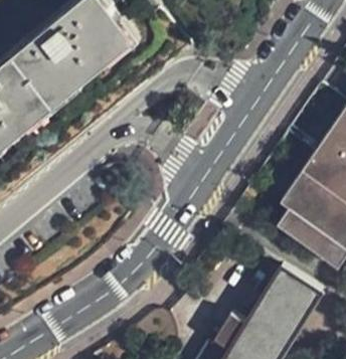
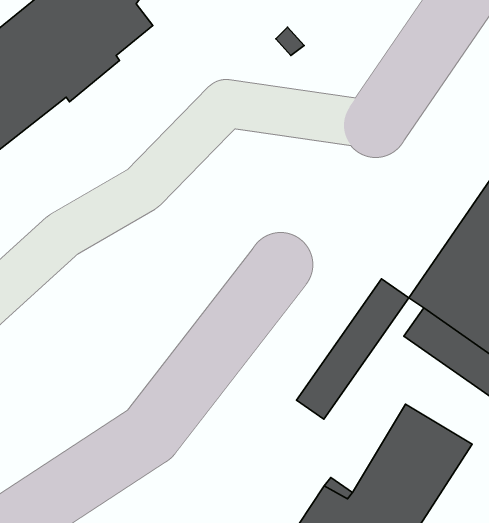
building: none -> [296,279,409,419]

